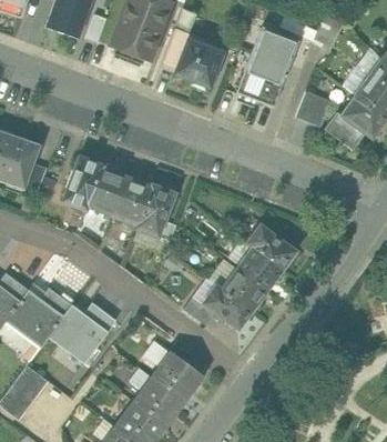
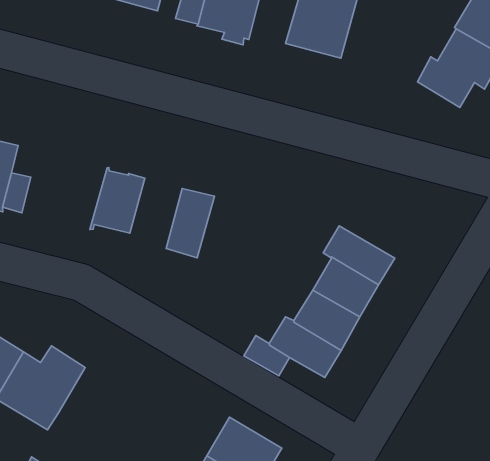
building: [295,92,329,127] -> none
building: [64,159,101,209] -> none
building: [112,177,152,228] -> none
building: [49,302,115,362] -> none

